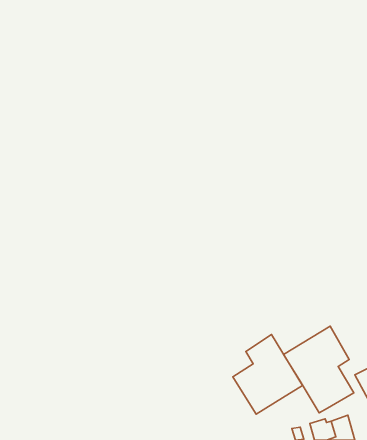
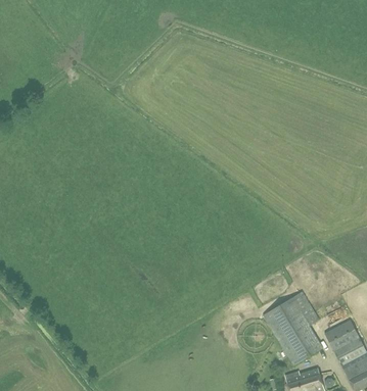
building: [233,334,303,414] -> none

